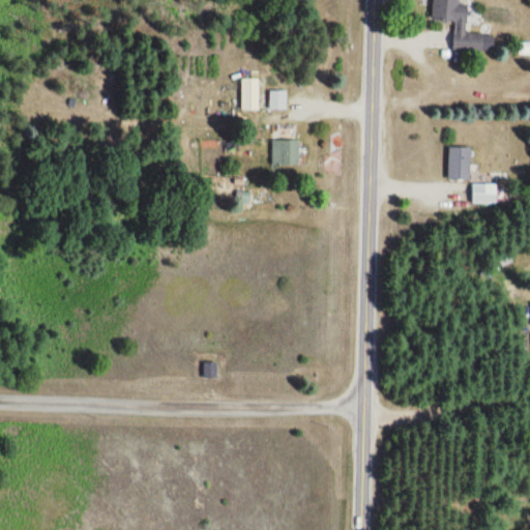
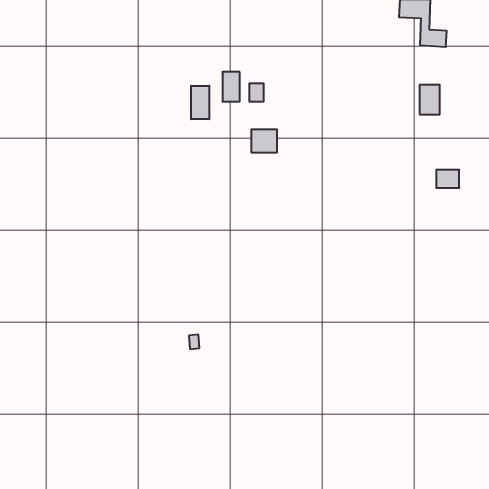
building: none -> [191,86,209,119]
building: [449,147,471,179] -> [420,85,440,114]

